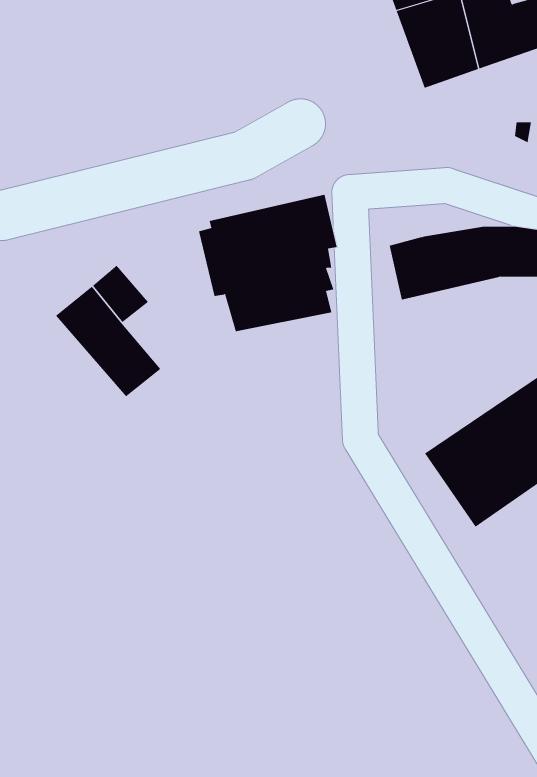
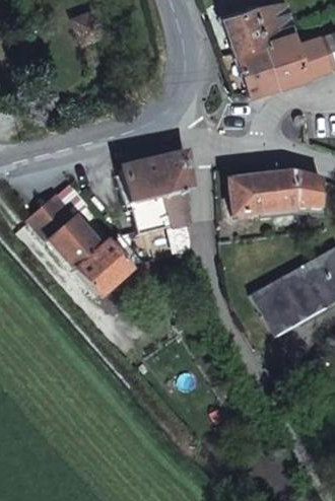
building: none -> [78,244,153,297]

